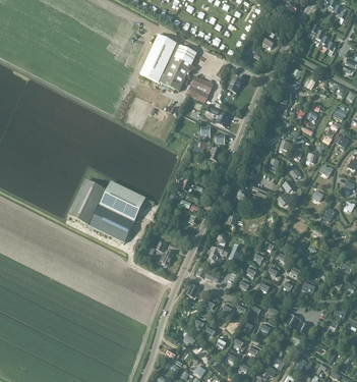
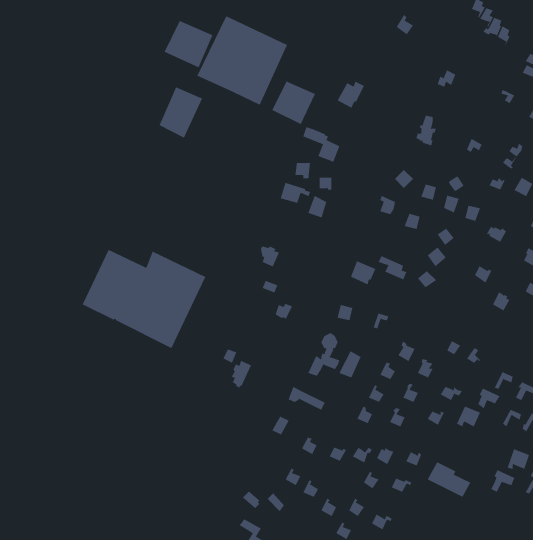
building: none -> [164,20,213,68]
building: none -> [159,87,203,138]

